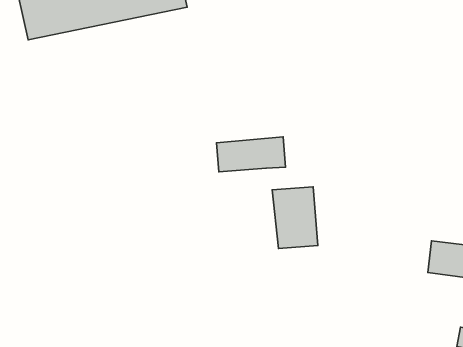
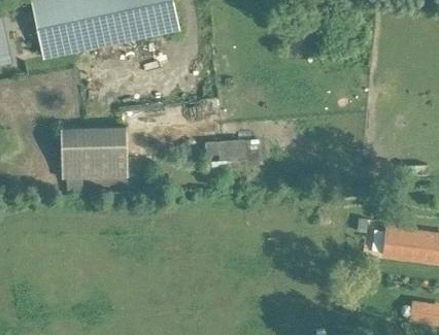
building: none -> [60,128,127,179]
building: [272,187,318,249] -> none

